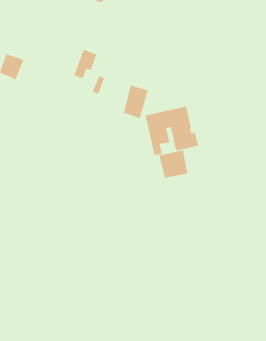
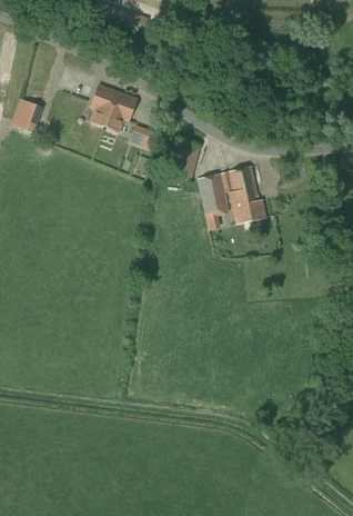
building: none -> [91,85,119,126]
building: [159,149,188,179] -> none

